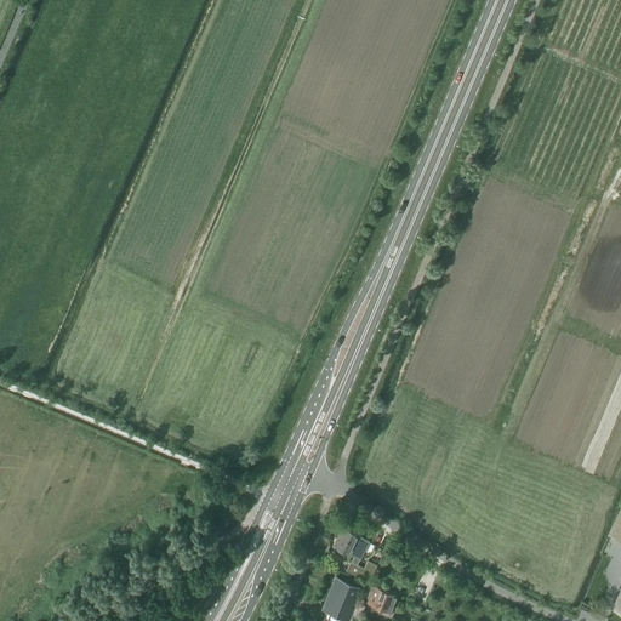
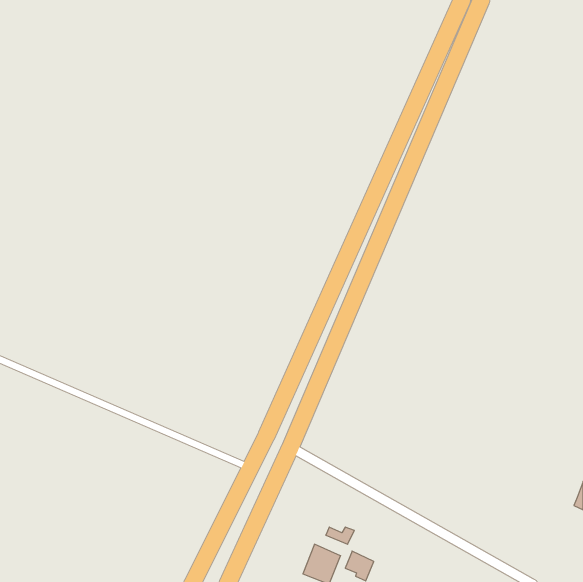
building: [334,531,369,562] -> none

